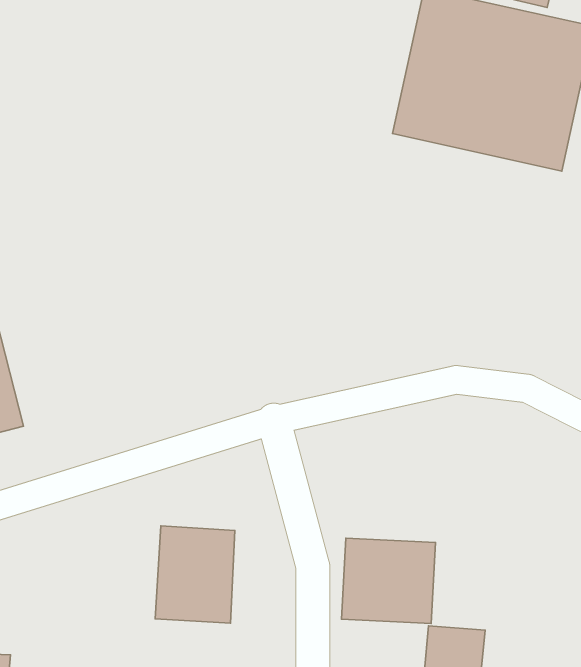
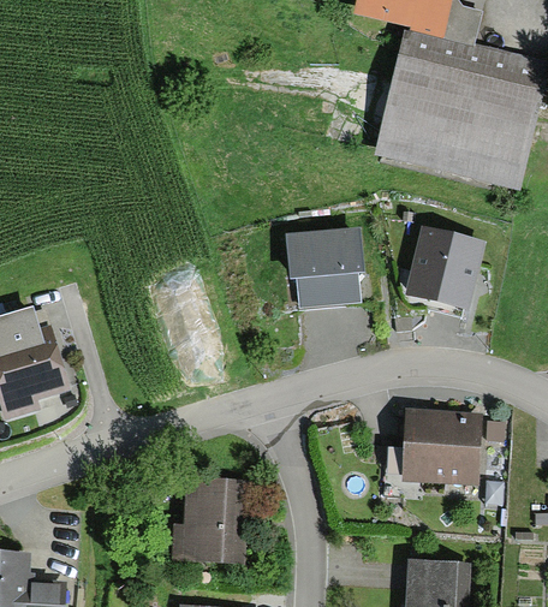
building: none -> [410,231,483,308]
building: none -> [287,233,373,305]
building: [341,538,436,624] -> [400,411,478,482]

